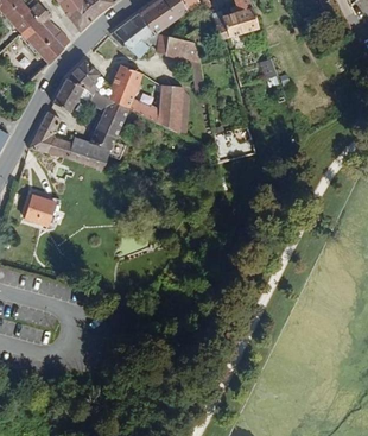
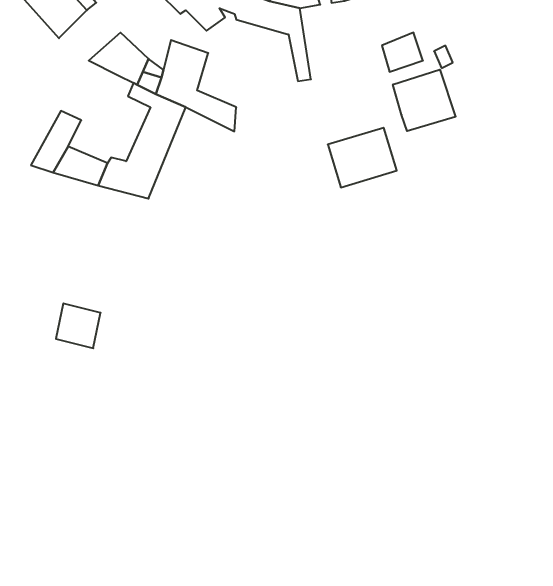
building: [51,77,83,110] -> none
building: [157,82,180,131] -> none
building: none -> [393,70,456,131]
building: [30,191,58,220] -> [56,303,101,348]

